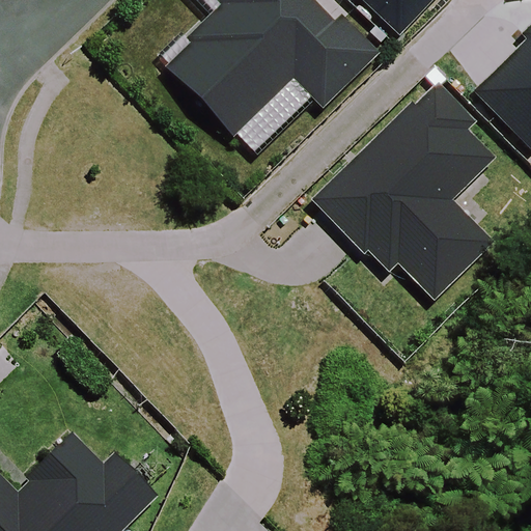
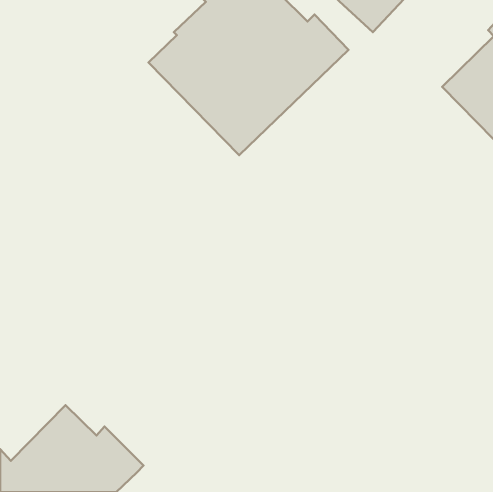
building: [316,82,493,298] -> none

